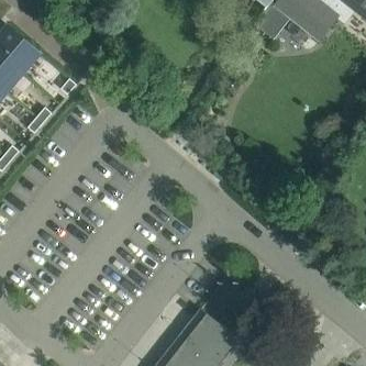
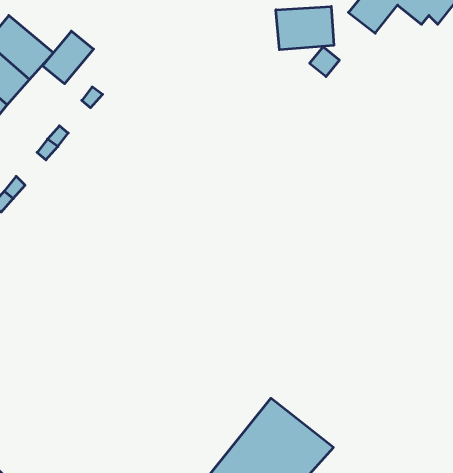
building: none -> [276,6,334,50]
building: none -> [42,31,94,84]

